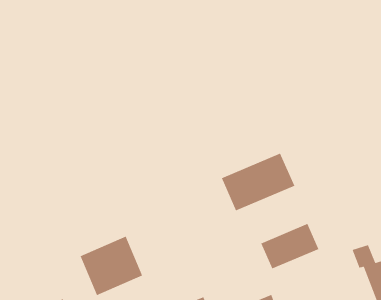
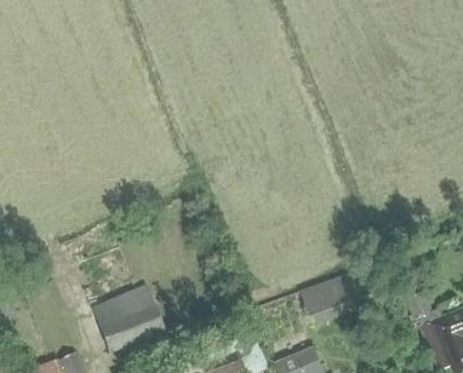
building: [221,153,295,211] -> none

